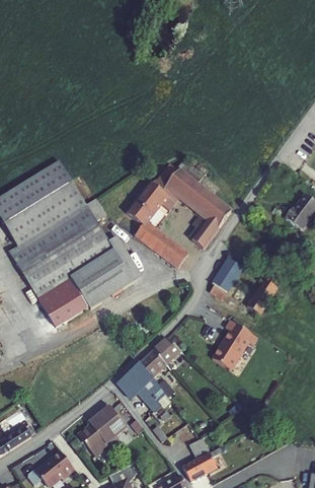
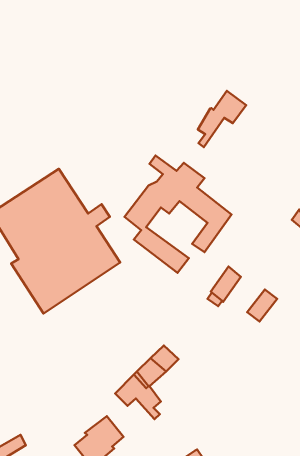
building: none -> [198,91,246,147]
building: [47,257,136,327] -> none
building: [211,320,256,370] -> none

